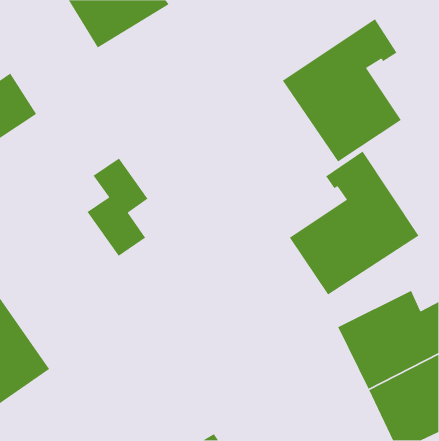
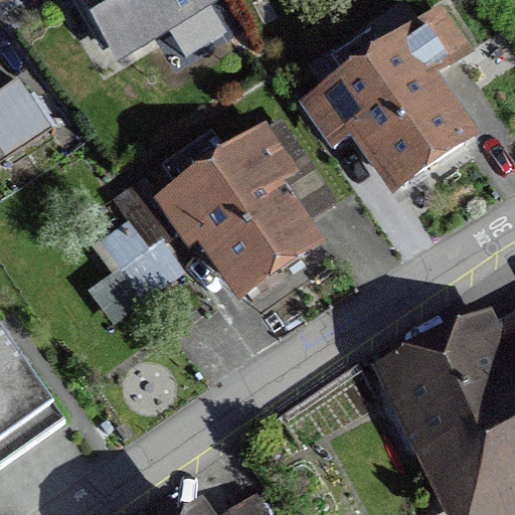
building: none -> [159,111,312,295]
building: [289,150,419,296] -> none

